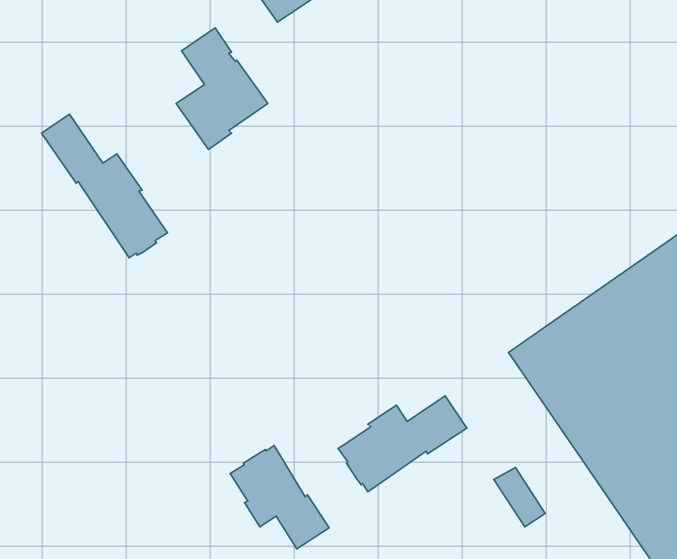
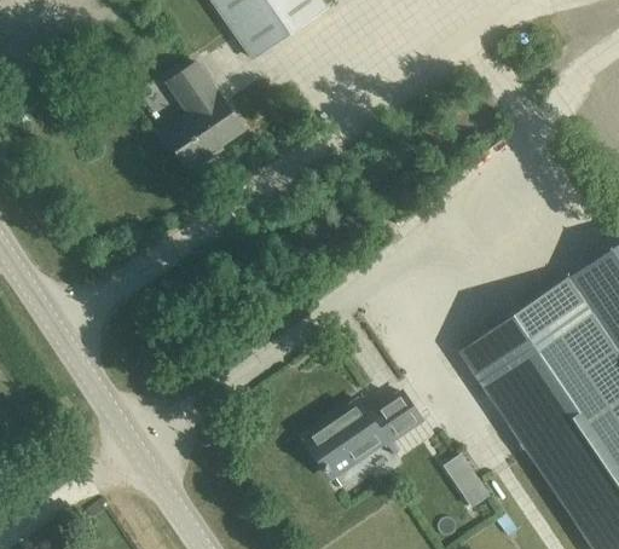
building: [41,114,167,258] -> none
building: [230,446,329,549] -> none

